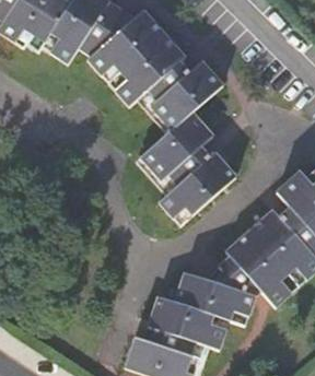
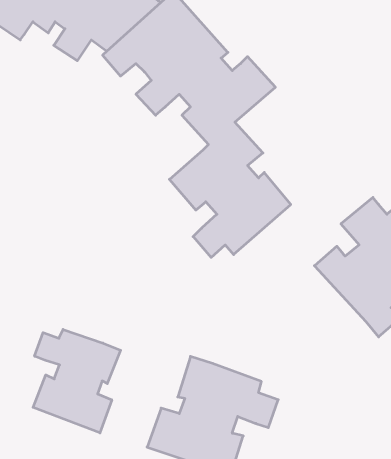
building: [176,224,304,324] -> none
building: none -> [33,329,121,433]

